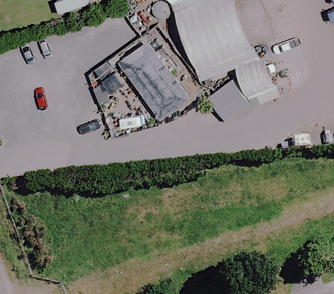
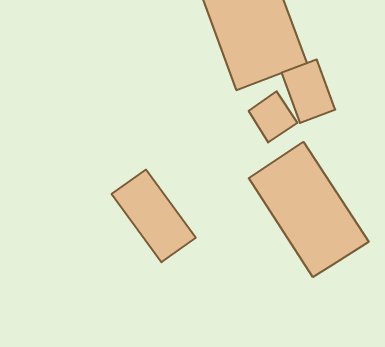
building: [118,42,188,118] -> [112,170,196,262]
building: none -> [249,142,369,277]

